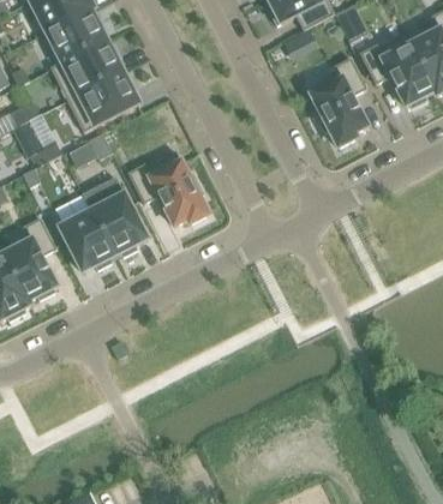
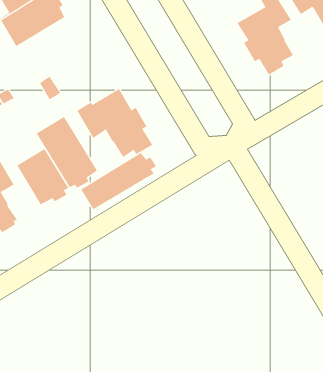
building: [67,70,139,131] -> none
building: none -> [80,152,157,210]

